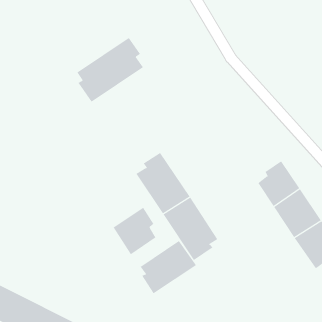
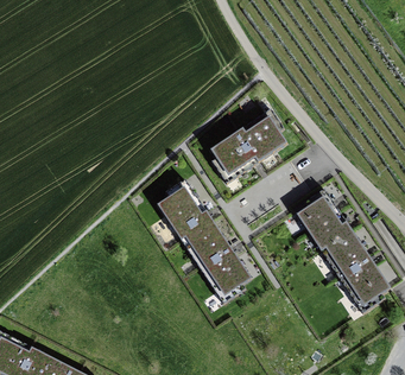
building: [77,37,144,102] -> [210,108,287,183]
building: [113,207,156,255] -> none
building: [140,240,197,294] -> none

